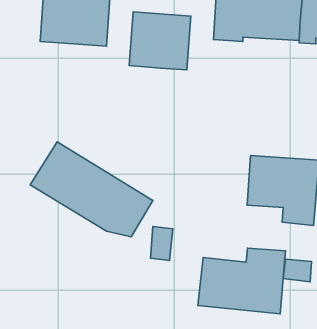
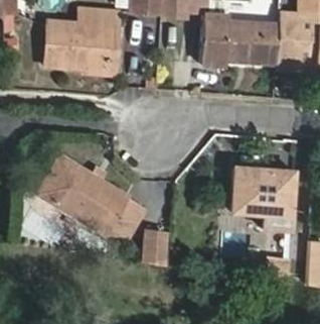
building: [129,12,191,70] -> none
building: [198,248,286,314] -> none

